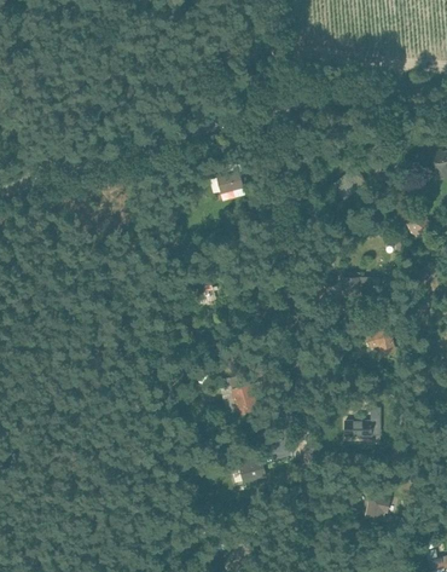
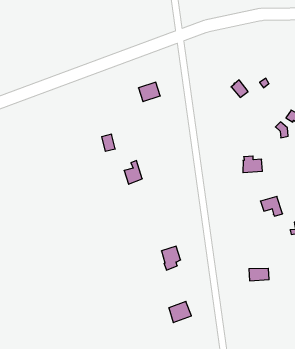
building: [365,492,390,521] -> none

